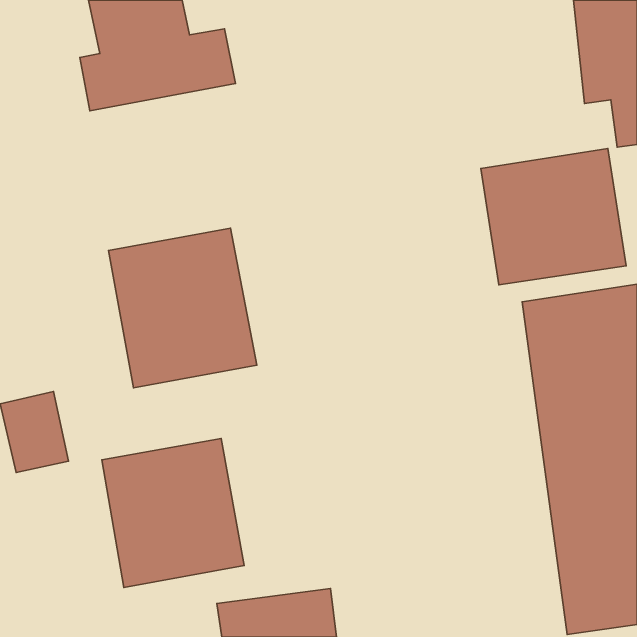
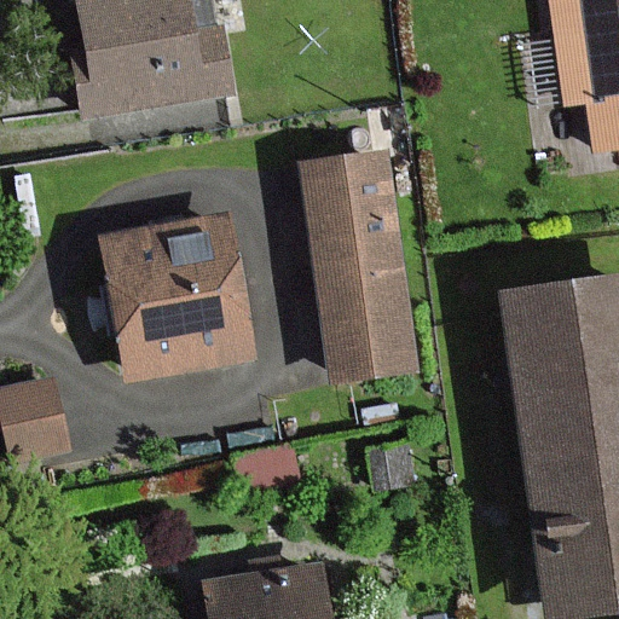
building: [481,149,626,285] -> none
building: none -> [301,157,412,377]
building: [102,438,244,587] -> none

